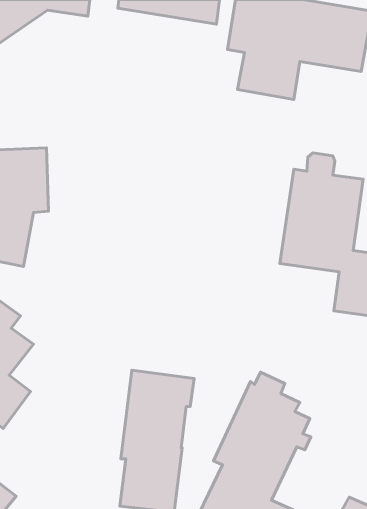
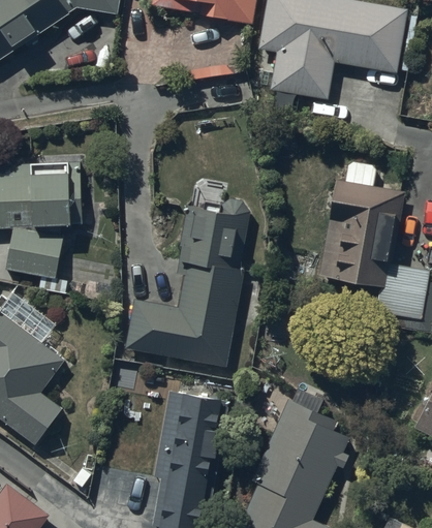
building: none -> [124,199,251,365]

